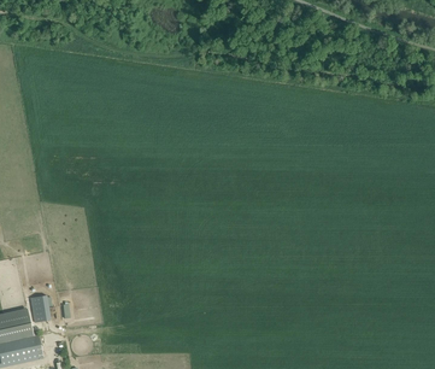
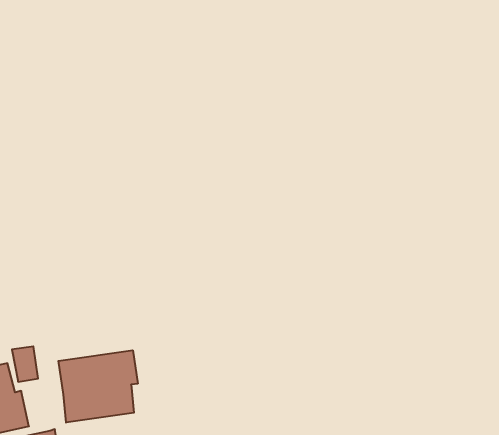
building: none -> [58,350,138,423]

